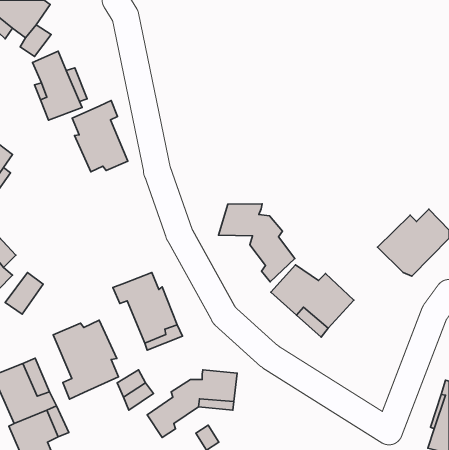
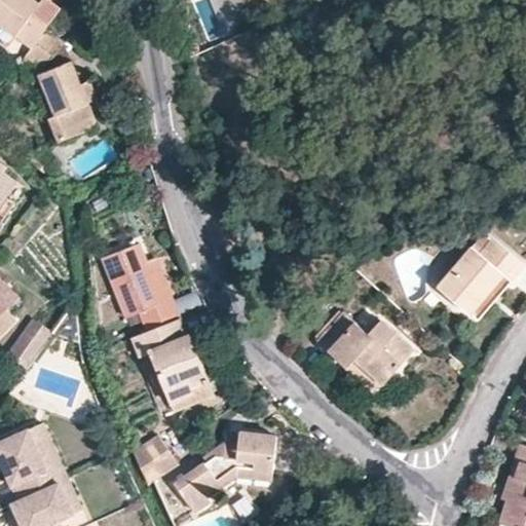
building: [72,101,128,172] -> none
building: [219,204,295,282] -> none
building: none -> [101,242,177,331]
building: [53,320,119,399] -> none

